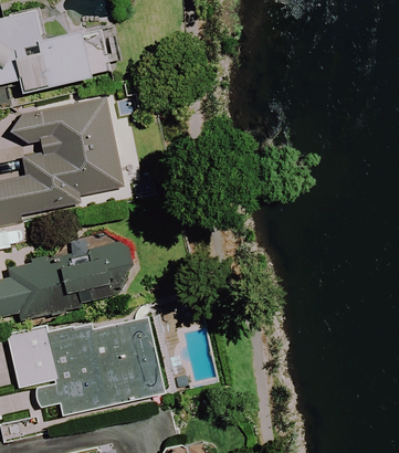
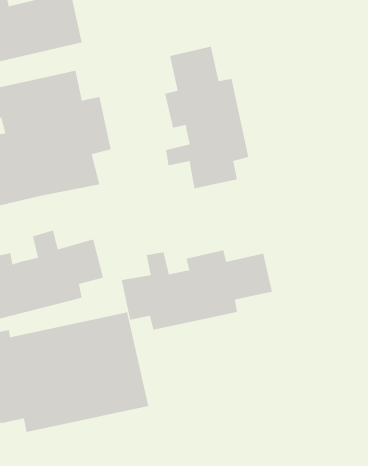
building: none -> [165,46,249,189]
building: none -> [121,249,272,331]

